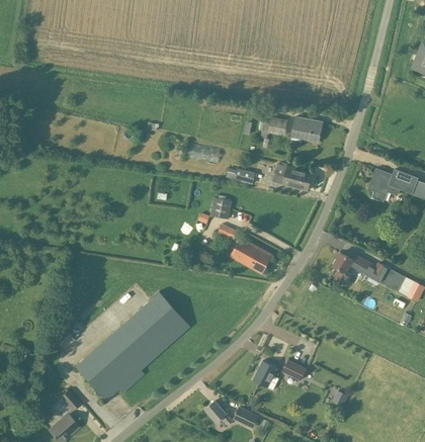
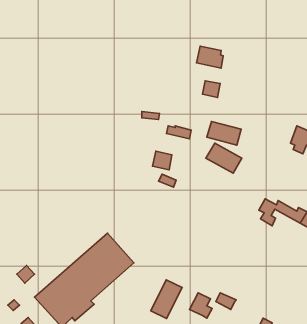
building: [291,117,322,143] -> [197,46,223,68]
building: [231,239,272,273] -> [206,143,242,173]
building: none -> [151,280,182,318]

